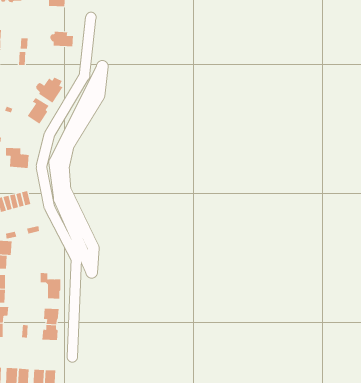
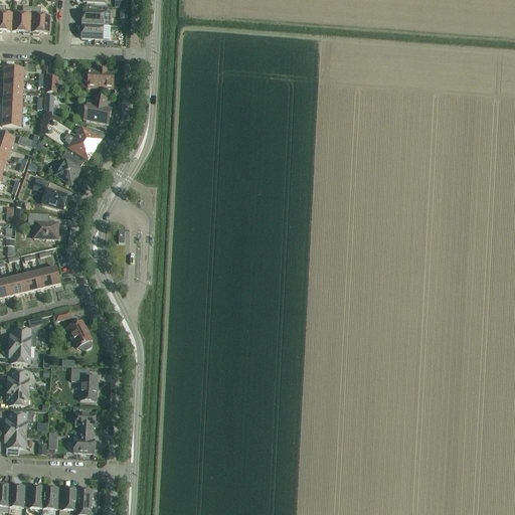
building: none -> [83,95,110,123]
building: none -> [32,177,66,208]
building: none -> [65,319,92,349]

